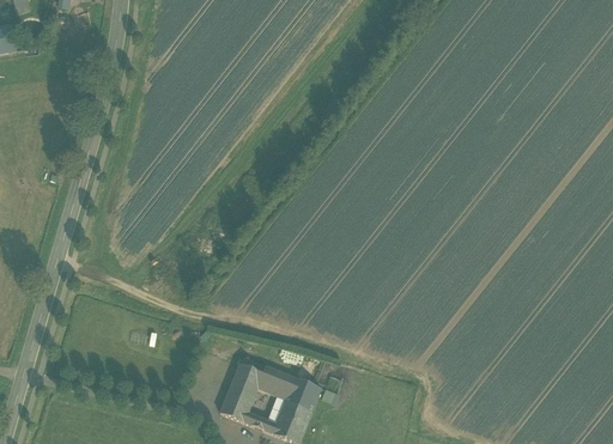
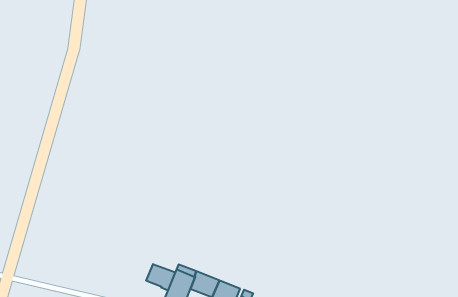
building: none -> [146,264,175,290]

